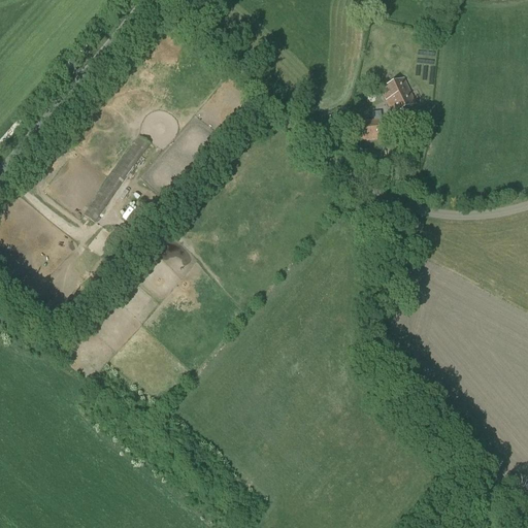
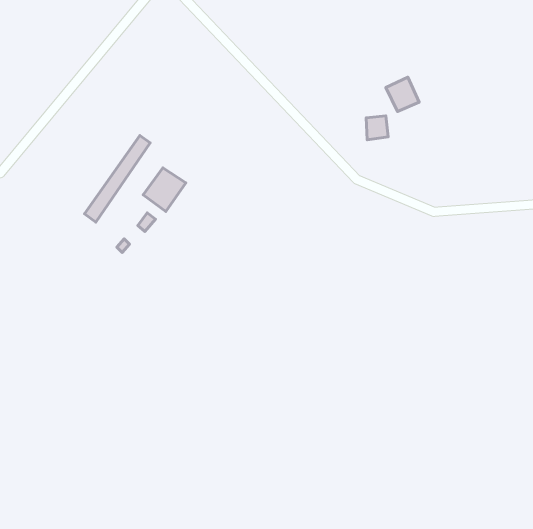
building: none -> [143,168,186,211]

